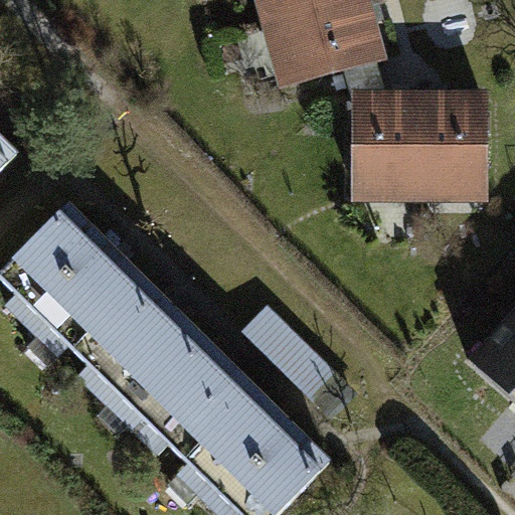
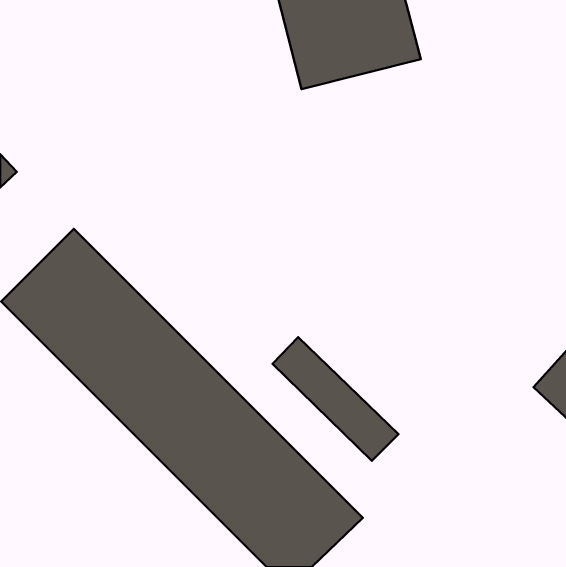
building: [352,92,483,198] -> none

